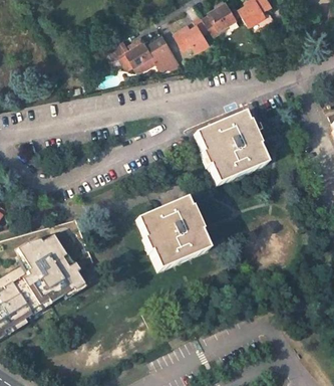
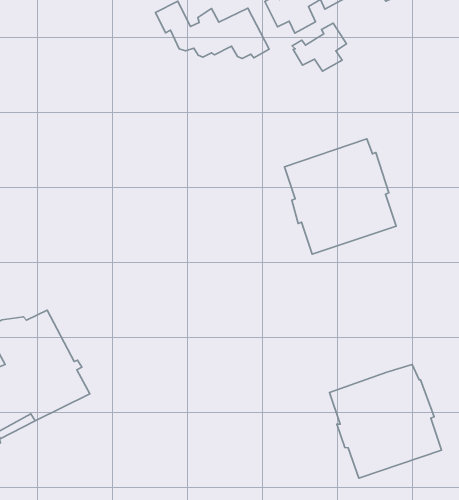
building: none -> [292,23,346,71]
building: [139,197,211,269] -> [330,364,441,478]

